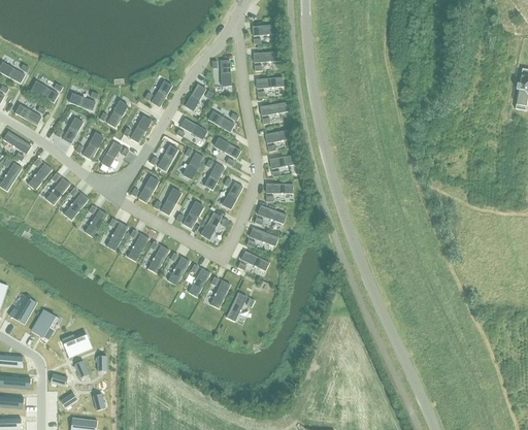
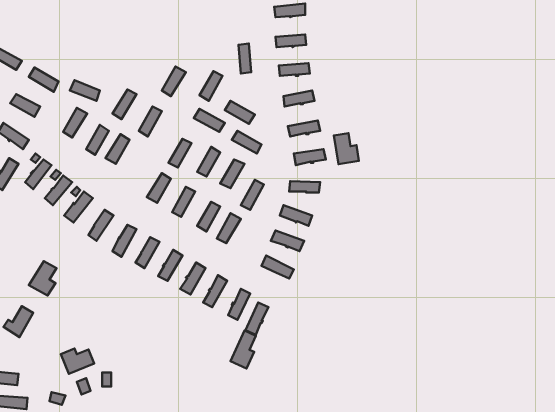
building: none -> [334,133,359,164]
building: [30,308,55,339] -> [29,261,57,296]
building: none -> [231,331,256,369]

